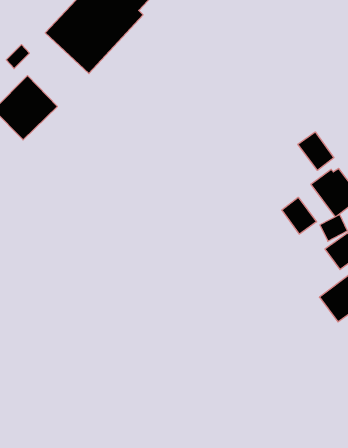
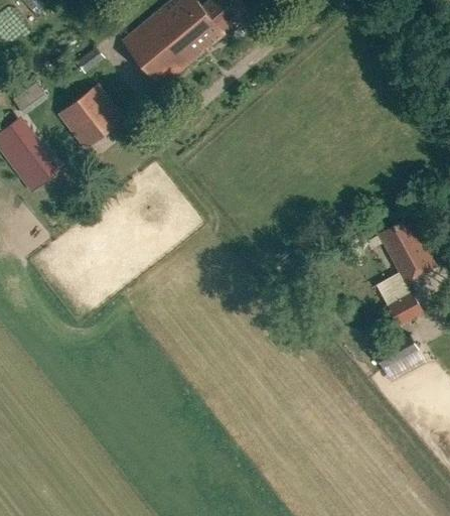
building: [298,132,334,170] -> none
building: [282,197,317,234] -> none

